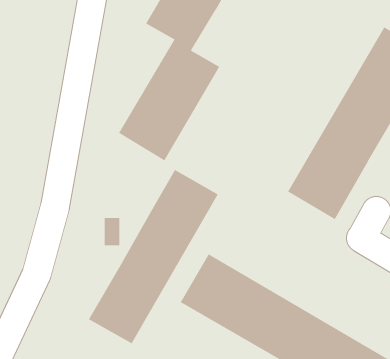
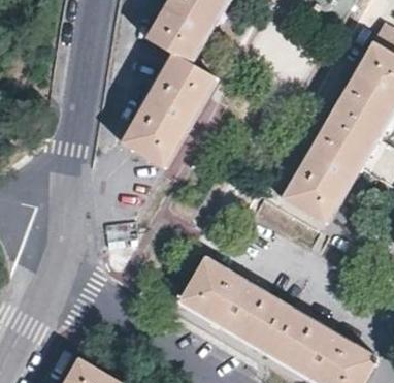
building: [88,169,218,344] -> none

